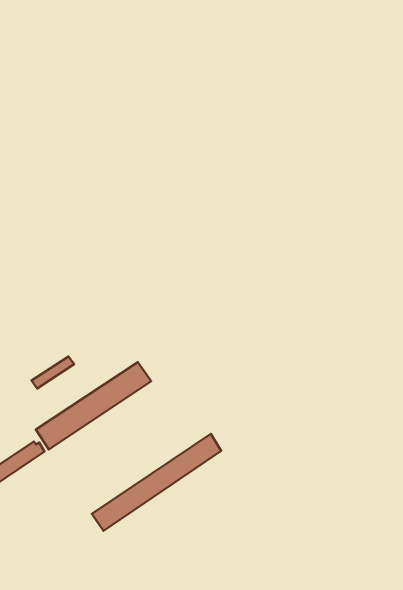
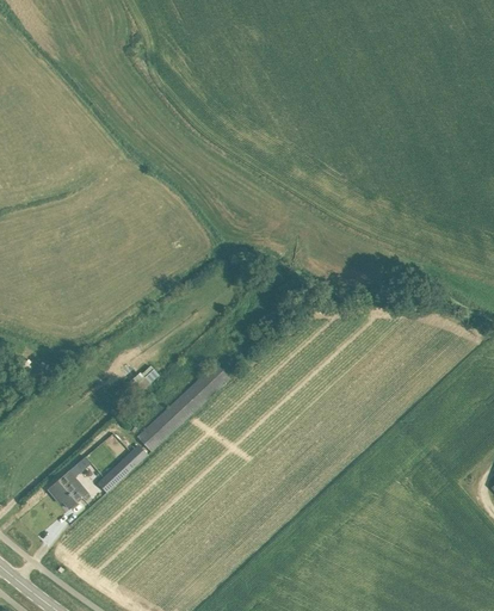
building: [92,434,221,531] -> none

